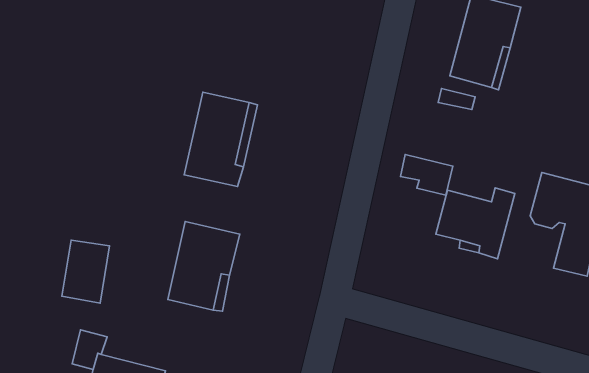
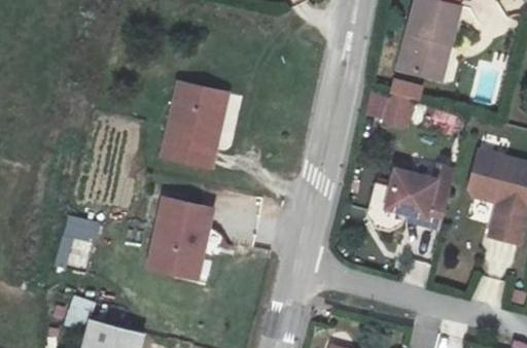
building: [401,154,453,195] -> [365,94,412,130]

